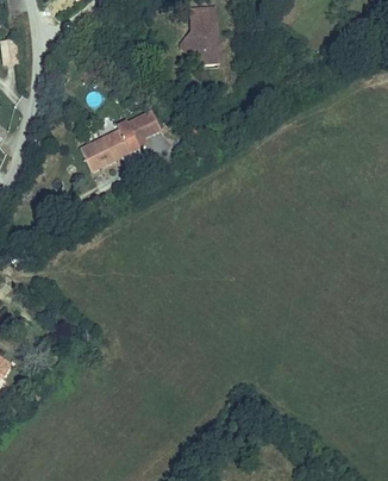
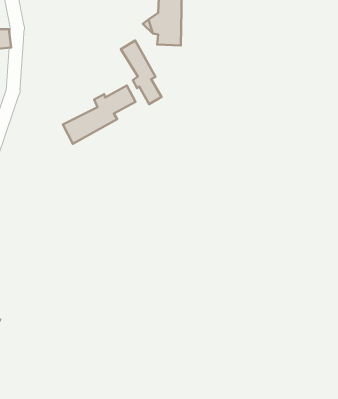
building: none -> [121,40,161,104]

